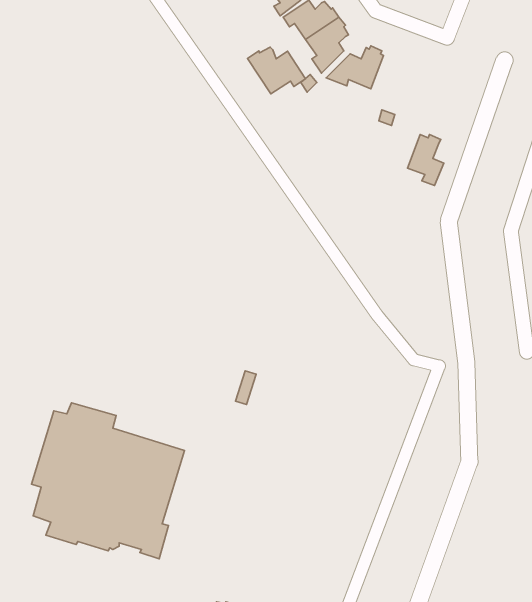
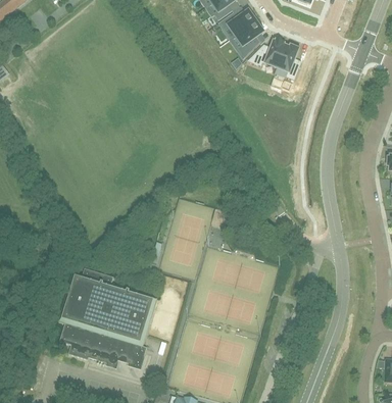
building: [247,47,305,94] -> none
building: [407,135,444,186] -> [277,45,300,78]

